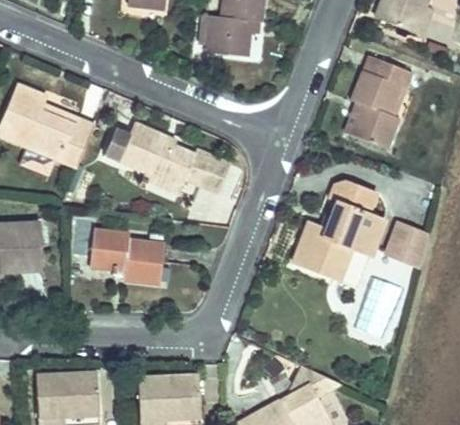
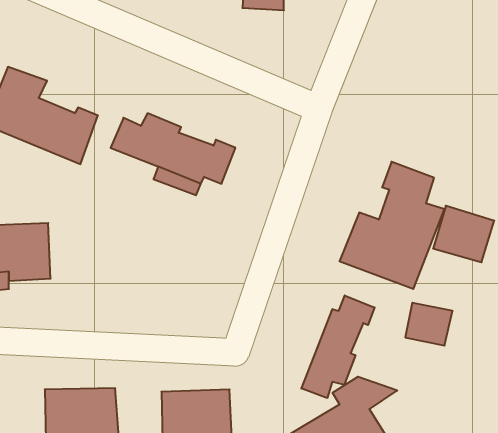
building: [349,50,414,144] -> none
building: [89,226,166,279] -> none
building: none -> [301,295,375,398]

